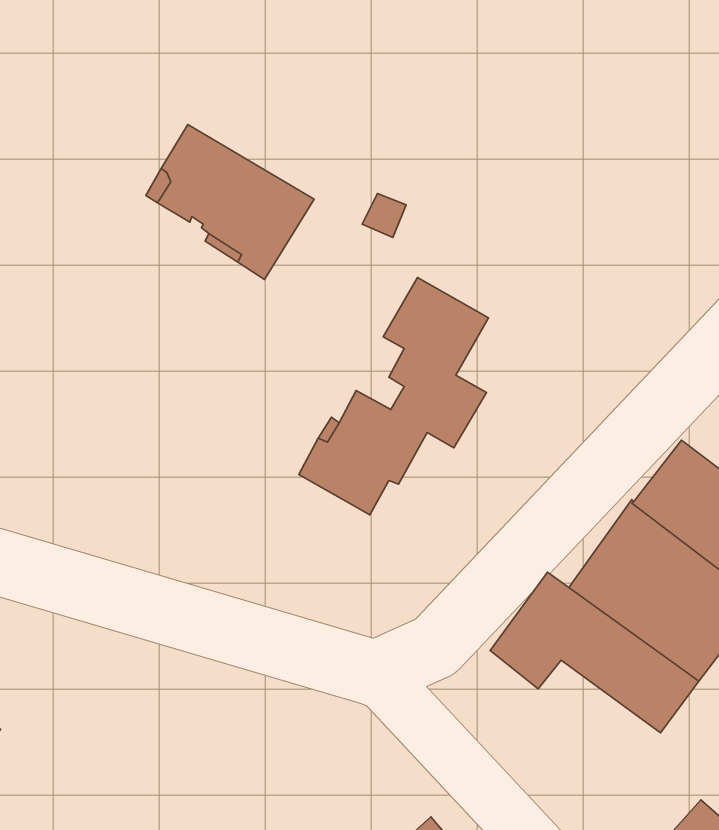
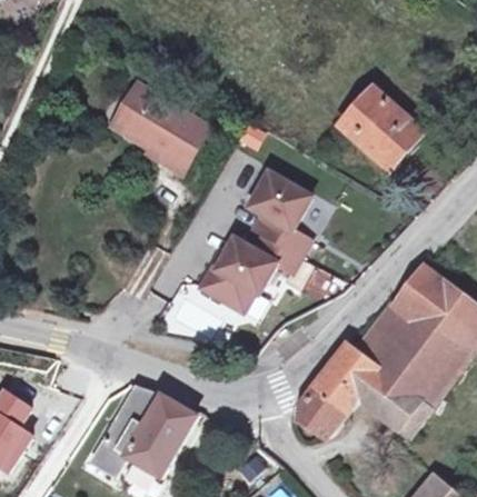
building: none -> [341,88,421,167]
building: none -> [91,385,197,476]
building: none -> [297,388,340,435]

